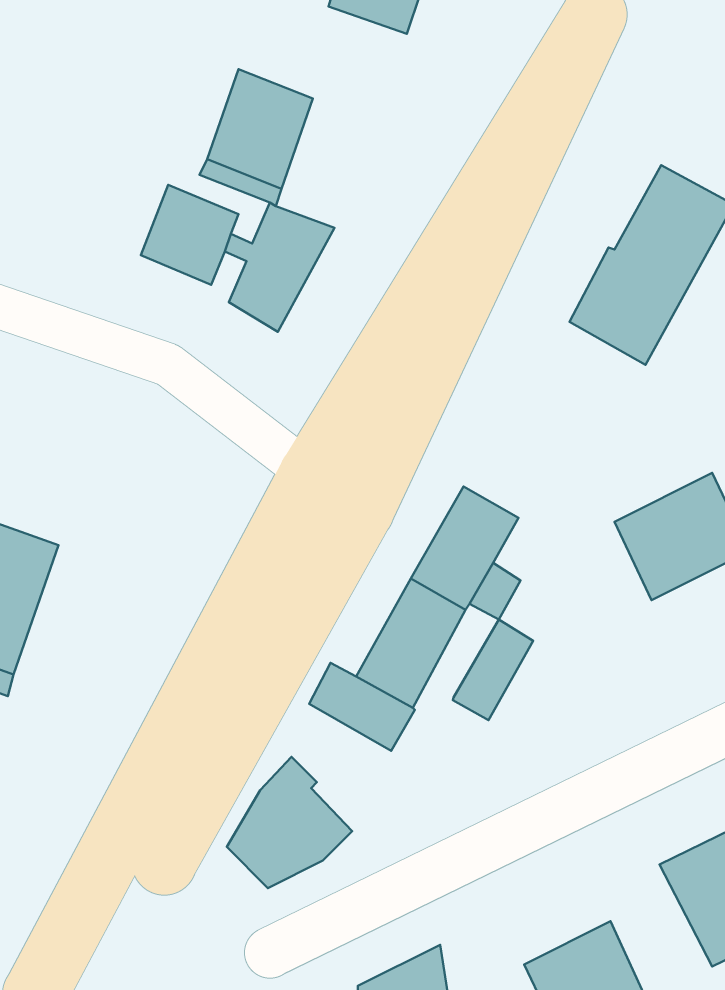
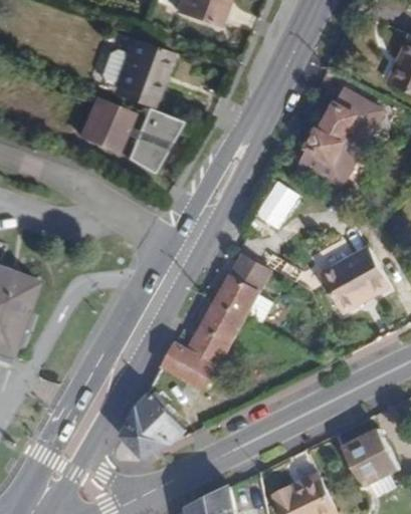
building: none -> [256,177,300,226]
building: [453,620,533,720] -> none

